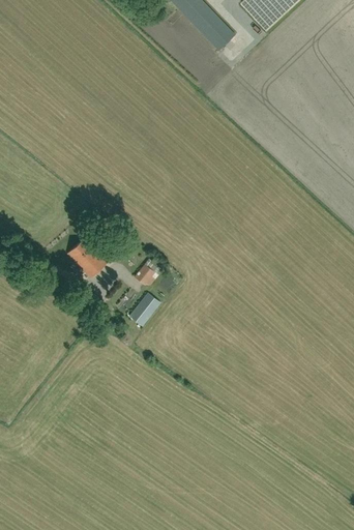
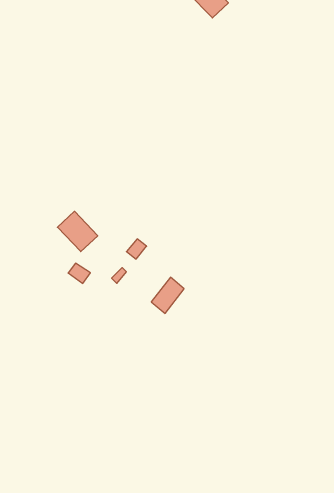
building: [128,291,160,326] -> [151,277,184,313]

